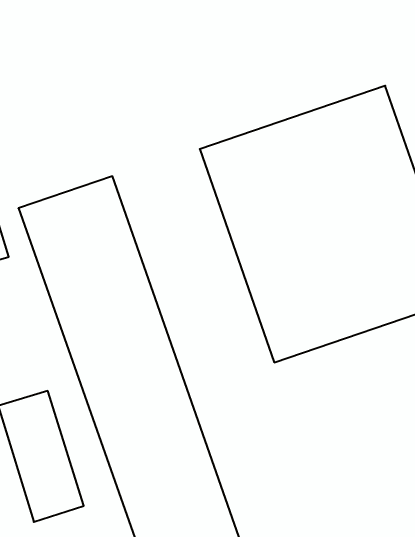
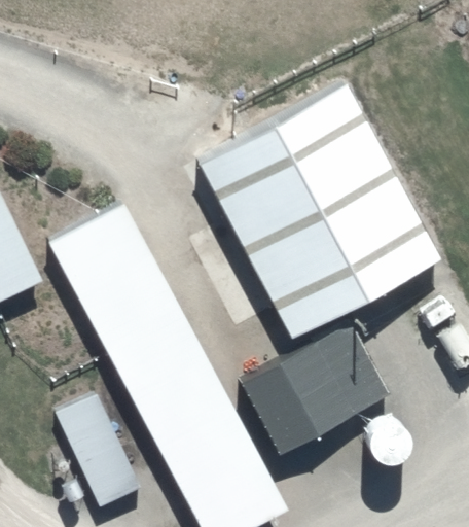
building: none -> [240,323,392,459]

